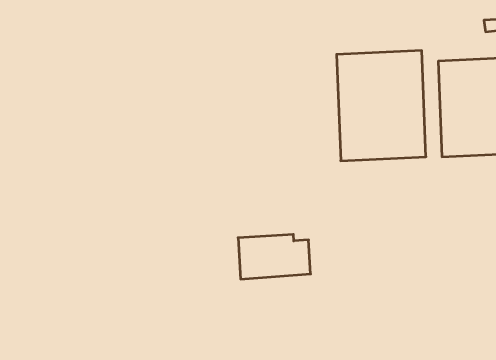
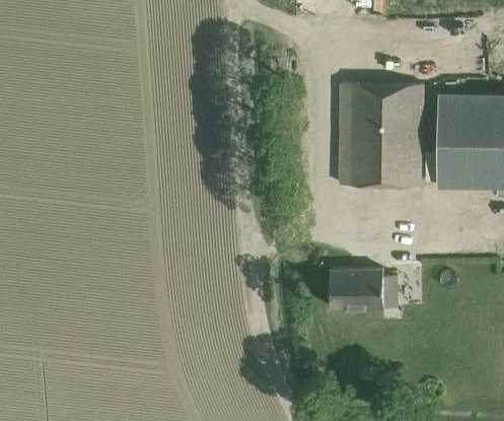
building: [238,234,311,279] -> [331,269,398,308]

